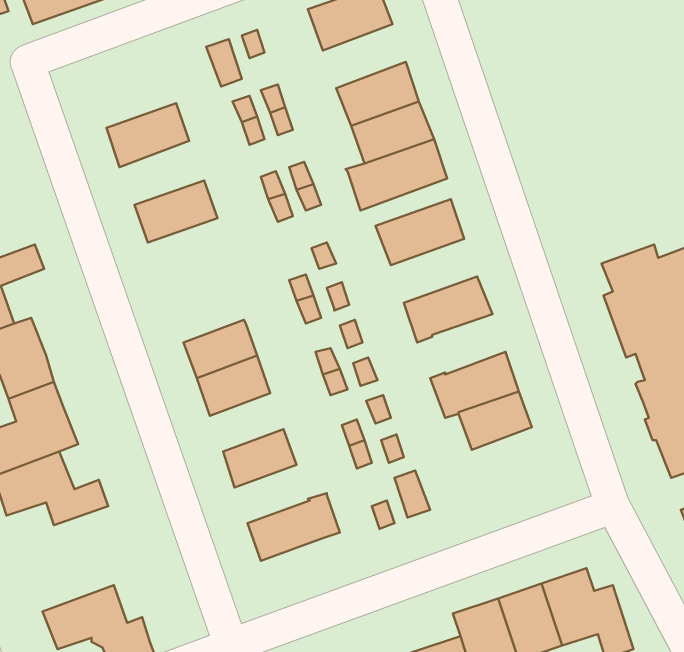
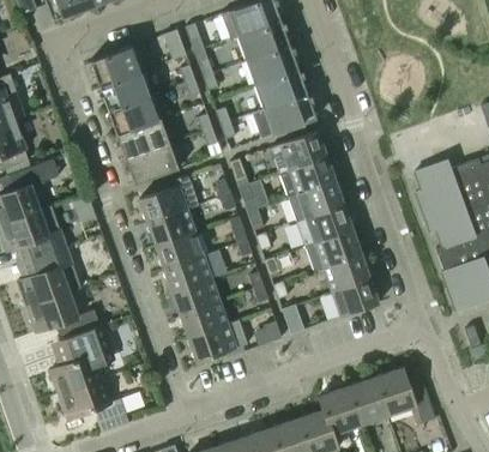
building: none -> [236,20,289,61]
building: none -> [89,46,143,86]
building: none -> [107,95,161,135]
building: none -> [125,144,179,185]
building: none -> [279,157,334,198]
building: none -> [139,176,198,223]
building: none -> [296,205,352,246]
building: none -> [164,255,211,293]
building: none -> [331,277,379,318]
building: none -> [180,301,228,338]
building: none -> [49,326,111,394]

